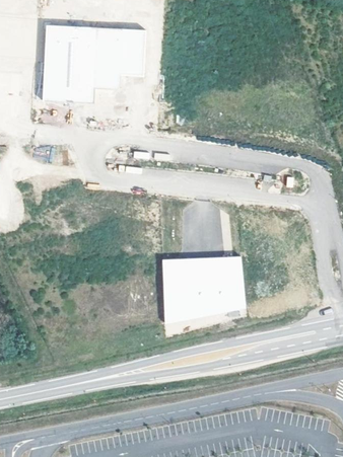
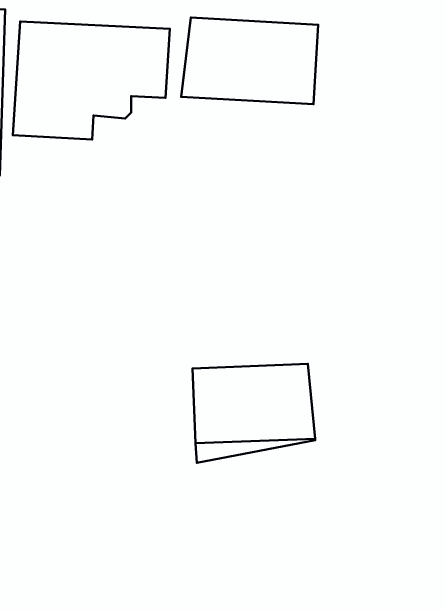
building: none -> [181,18,318,104]

